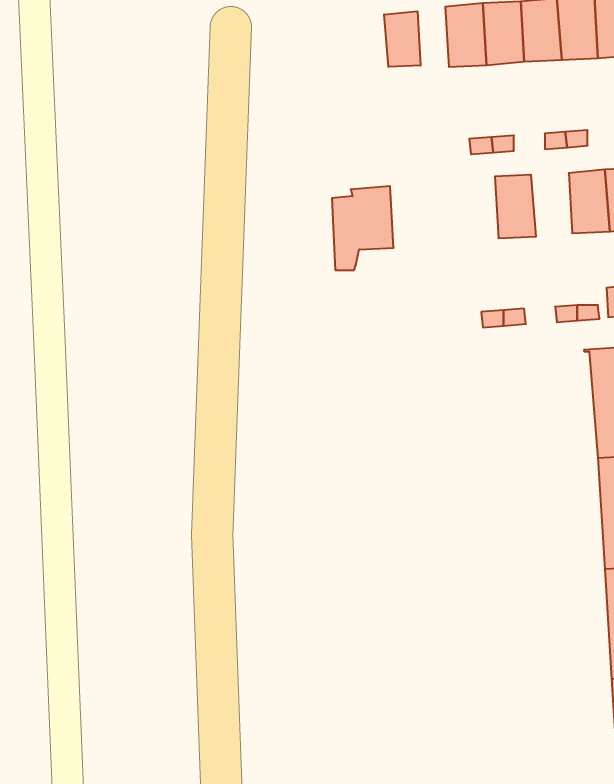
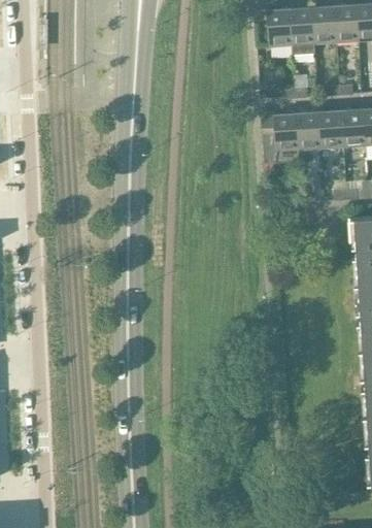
building: [384,11,420,67] -> none
building: none -> [319,110,344,148]
building: [332,186,394,270] -> [263,112,300,163]

